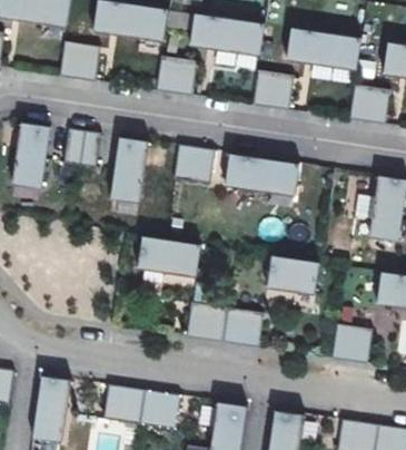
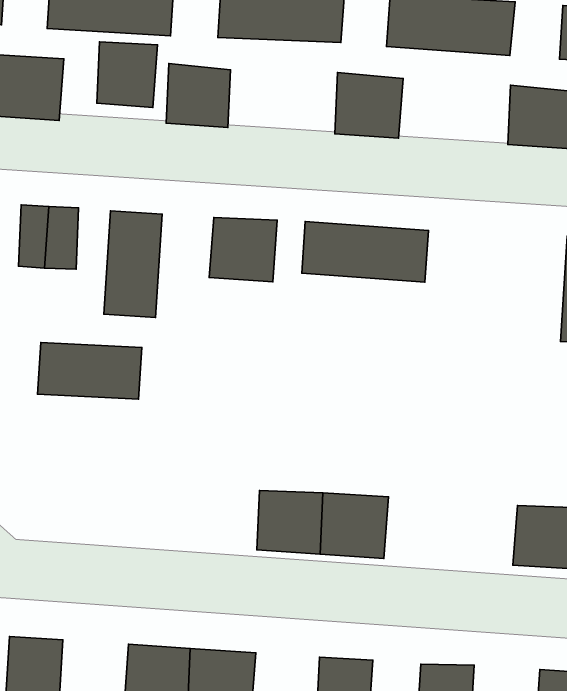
building: none -> [97,42,157,108]
building: [138,236,199,273] -> [37,342,142,399]
building: [266,255,317,291] -> none

